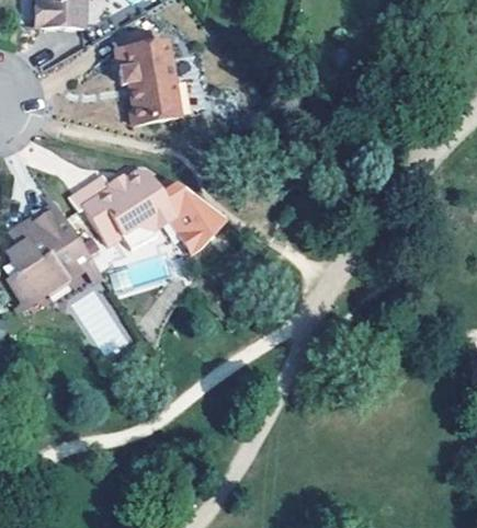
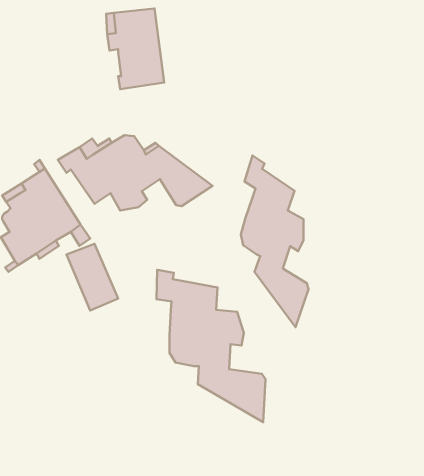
building: none -> [241,155,309,327]
building: none -> [157,270,266,422]

